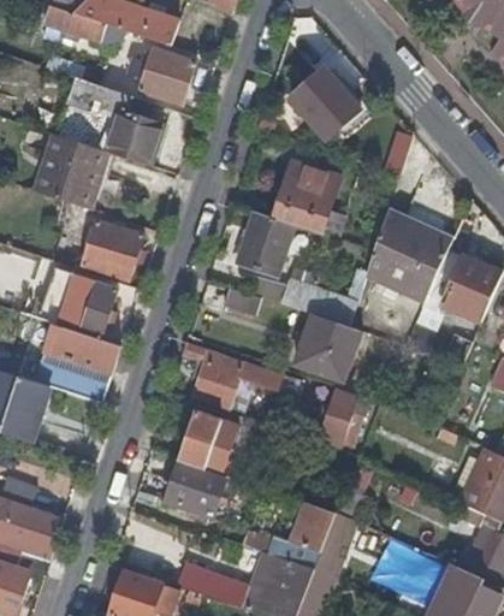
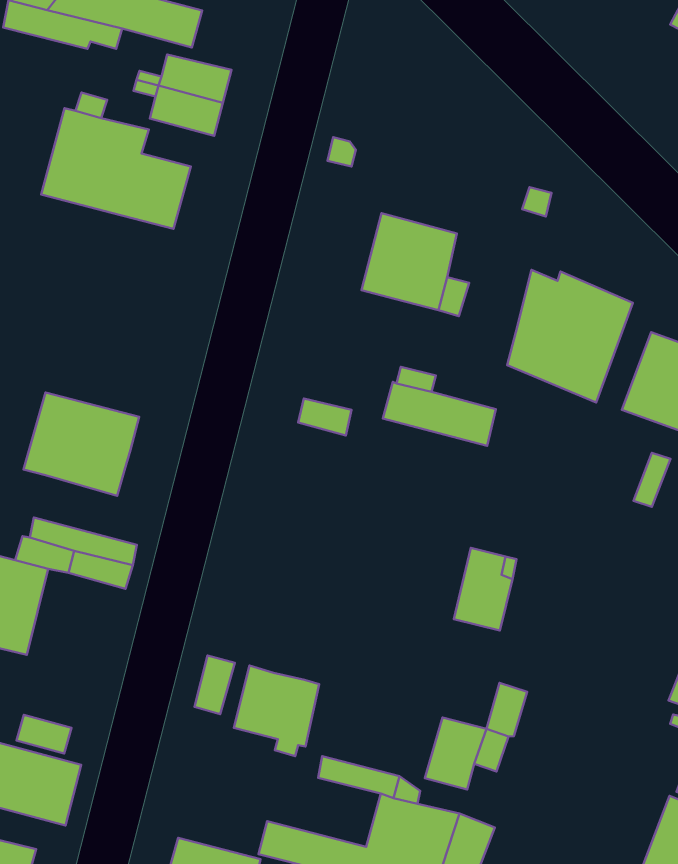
building: [291,69,358,137] -> none
building: [36,135,109,208] -> none
building: [237,209,293,274] -> none
building: [82,221,142,280] -> none
building: [297,314,360,373] -> none
building: [43,325,120,375] -> none
building: [180,340,284,405] -> none
building: [180,411,238,473] -> none

